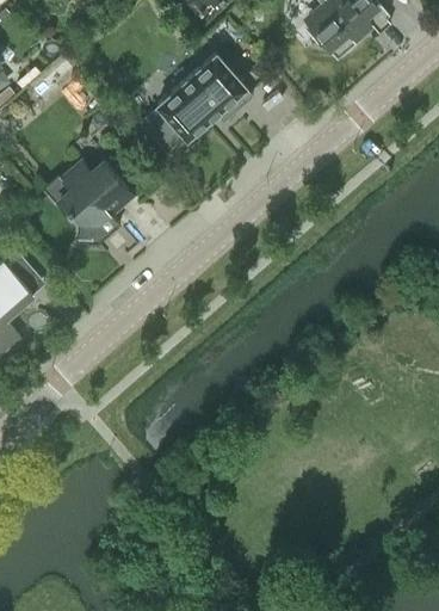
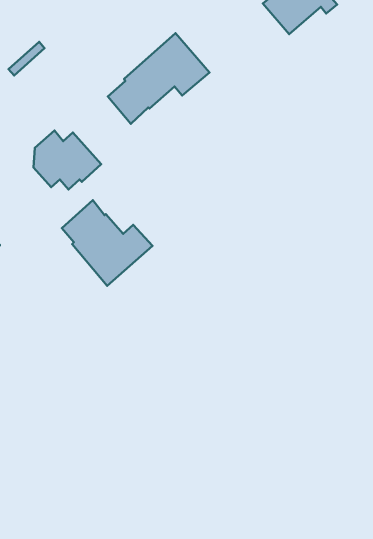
building: none -> [62,200,152,286]

